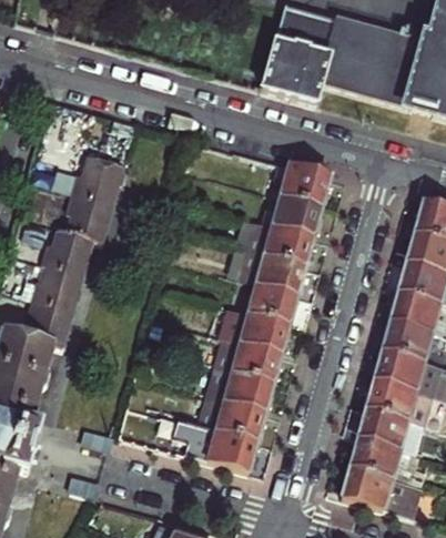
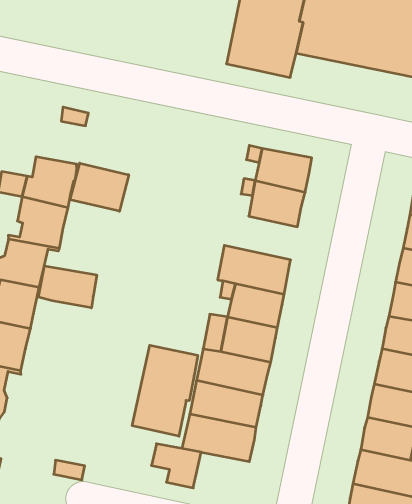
building: none -> [70,163,129,211]
building: [249,221,314,265] -> none
building: none -> [39,266,97,308]
building: none -> [132,345,198,436]
building: [207,429,259,471] -> none

